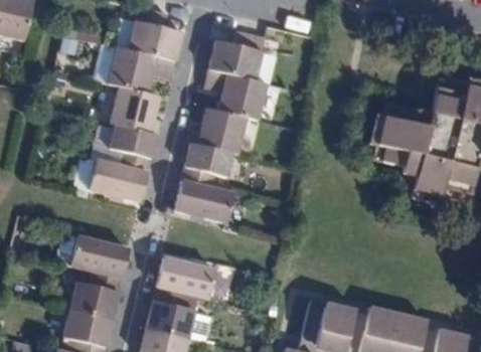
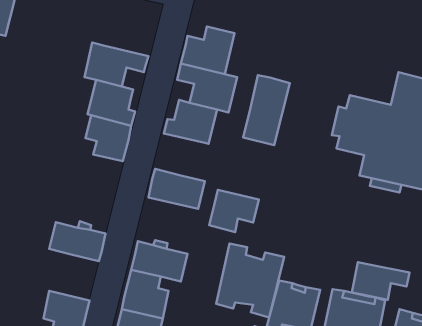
building: [128,7,182,61] -> none
building: none -> [243,75,290,145]
building: [182,143,234,187] -> [209,190,259,232]
building: [89,160,148,201] -> none
building: none -> [216,244,284,317]
building: [70,271,123,319] -> none
building: none -> [352,262,409,300]

